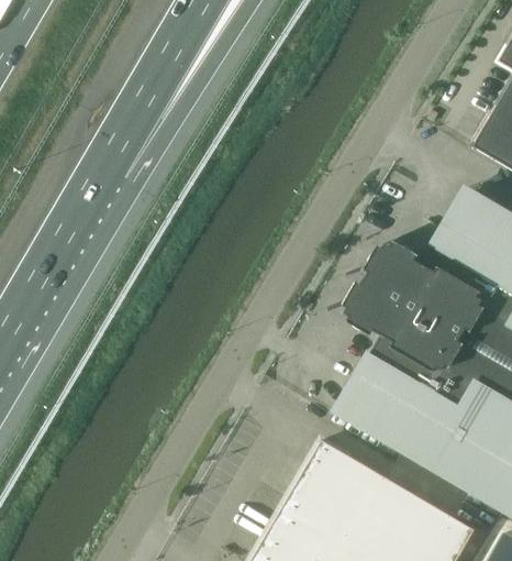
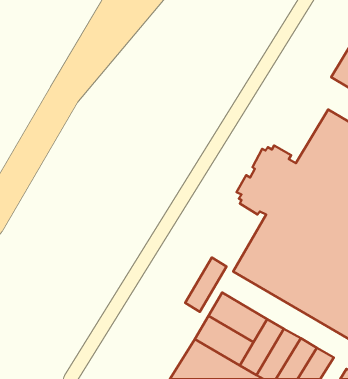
building: none -> [185,258,226,312]

